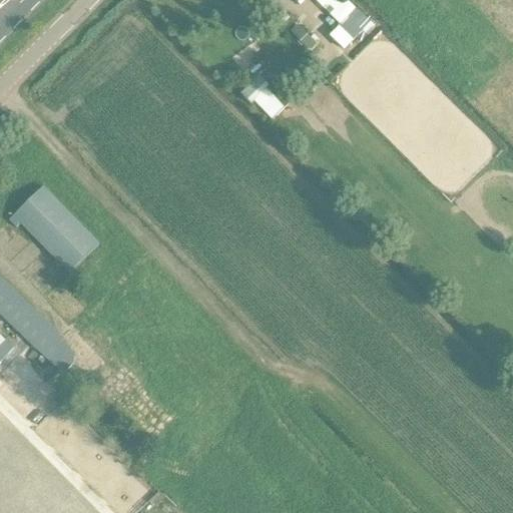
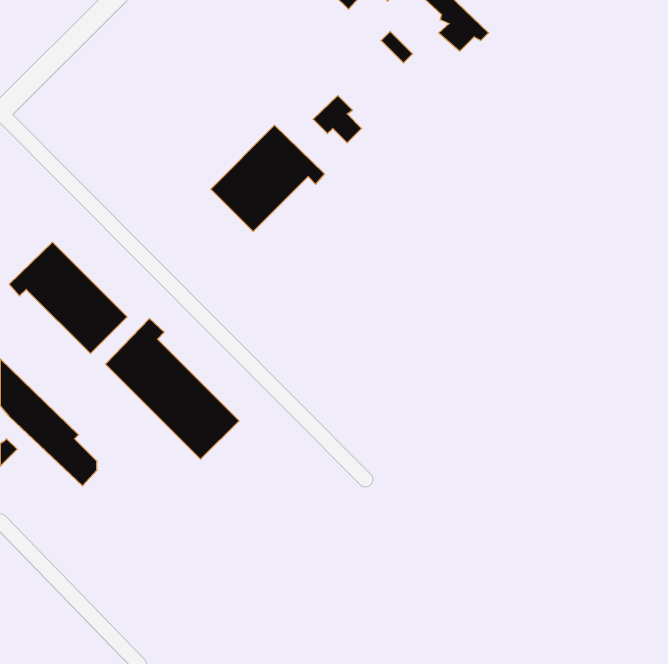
building: none -> [211,125,324,231]
building: none -> [106,319,239,459]

